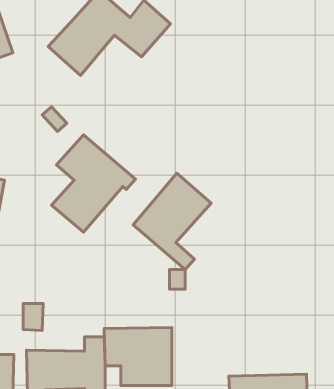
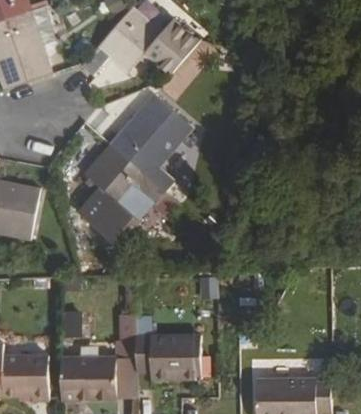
building: [133,173,211,269] -> [115,97,190,190]

